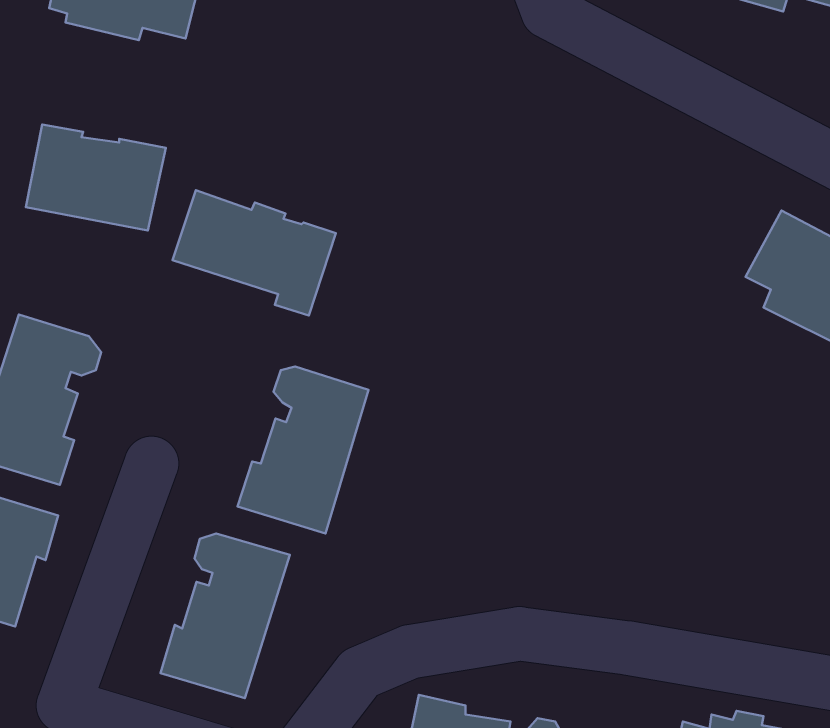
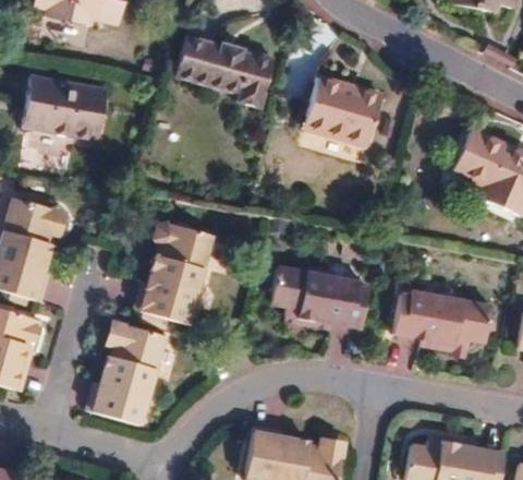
building: none -> [303,80,379,147]
building: [172,190,336,316] -> [173,36,272,112]
building: none -> [270,265,366,325]
building: none -> [394,290,490,348]

